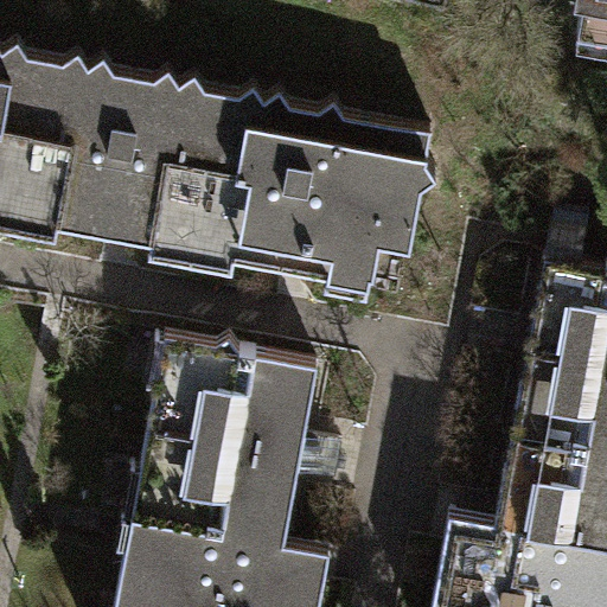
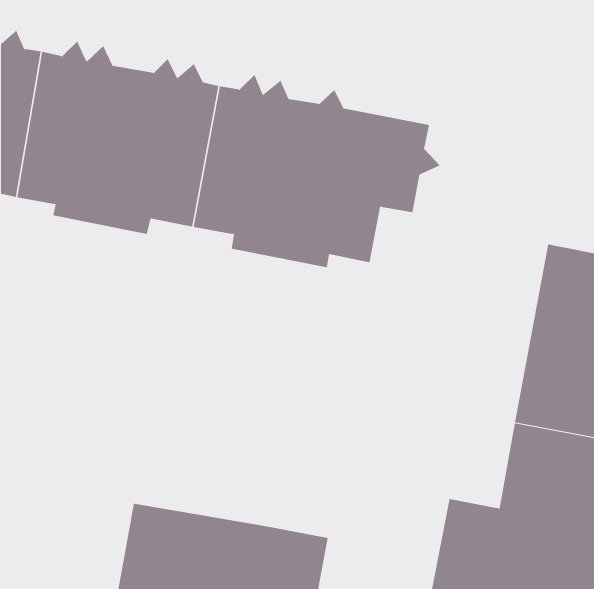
building: [147,343,322,543] -> none

